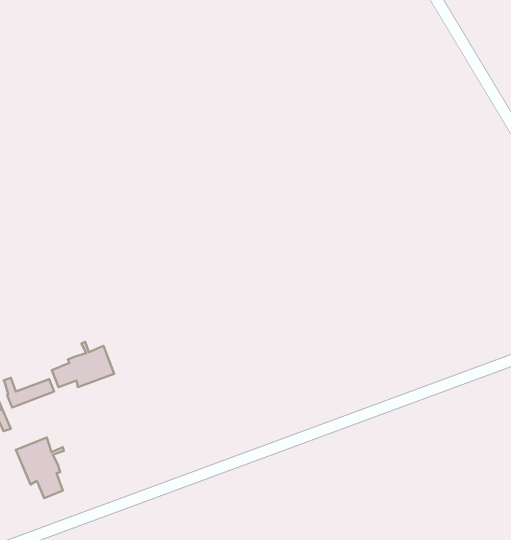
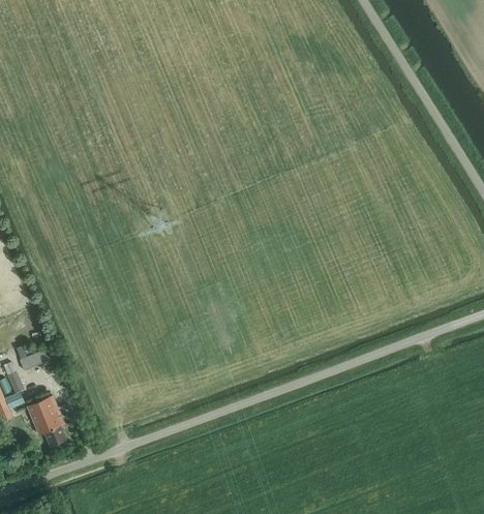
building: [52,342,114,387] -> none

